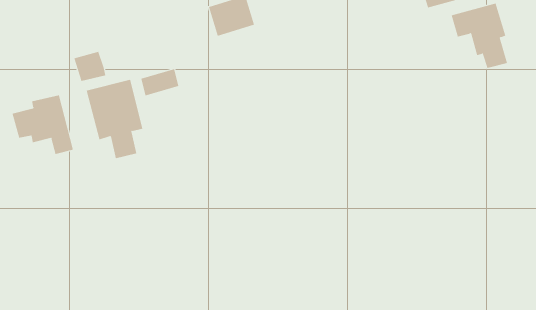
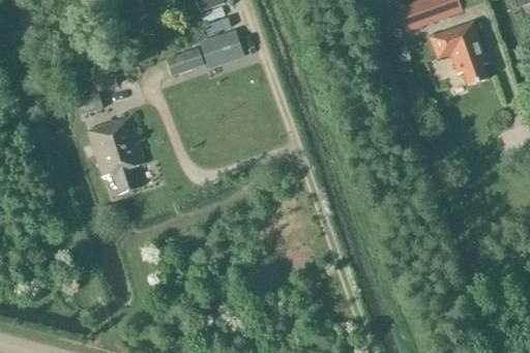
building: [140,68,179,96] -> [167,47,204,75]
building: [12,94,73,155] -> none

